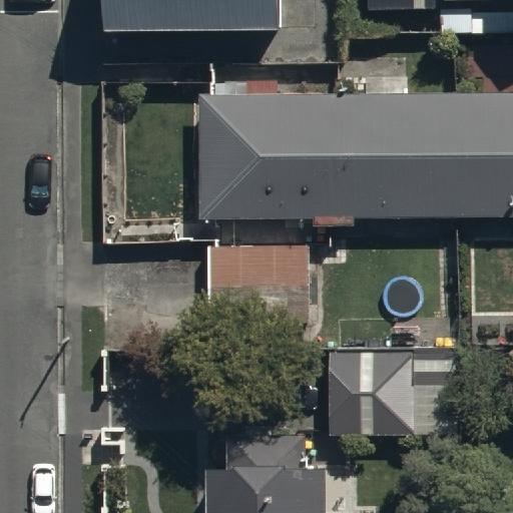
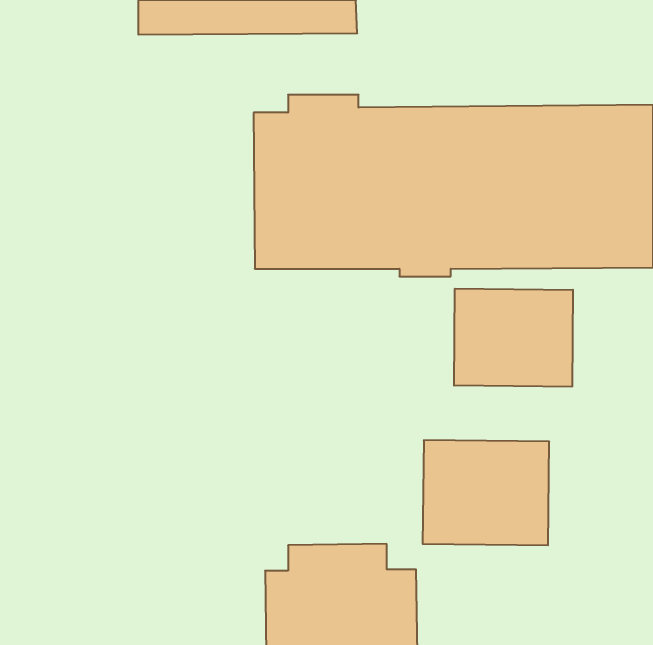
building: none -> [454,289,573,387]
building: [209,246,309,323] -> none

